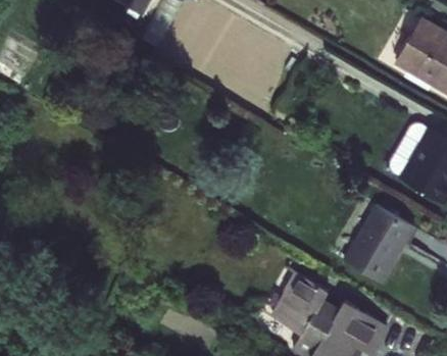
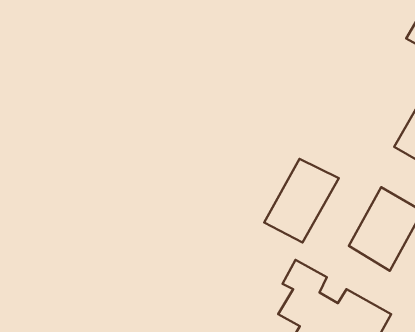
building: none -> [264,159,339,243]

